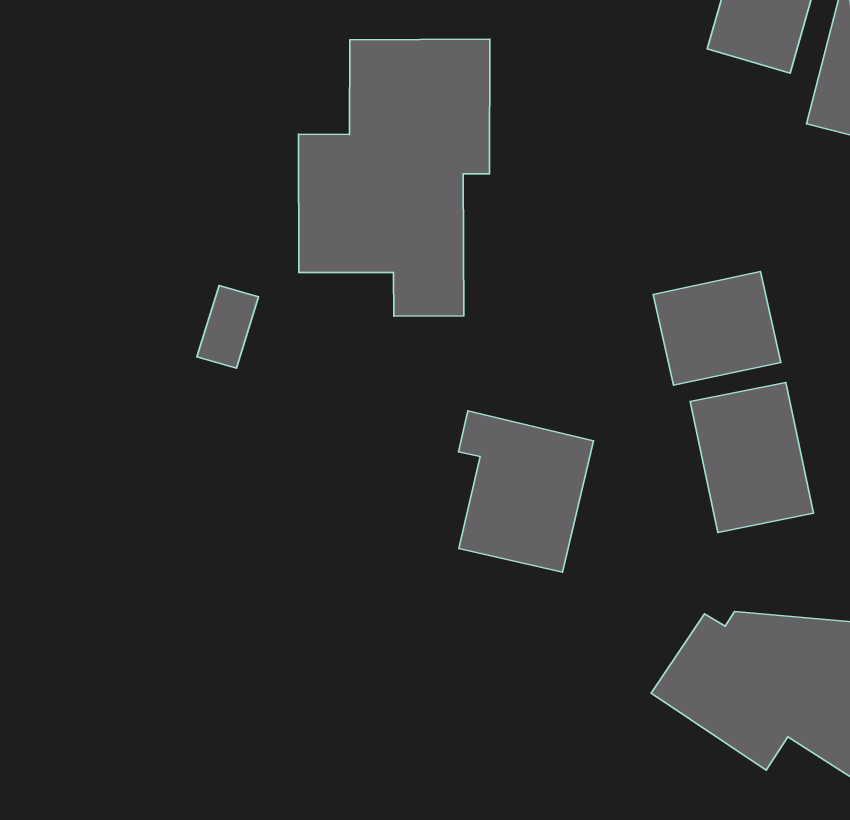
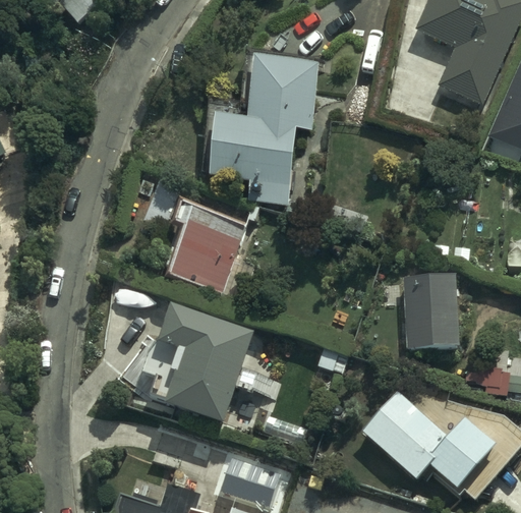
building: [653,272,781,385] -> none
building: [459,411,593,572] -> [168,198,248,292]
building: none -> [140,309,253,430]

